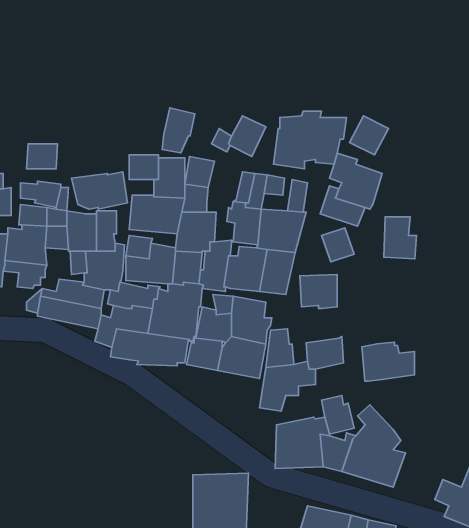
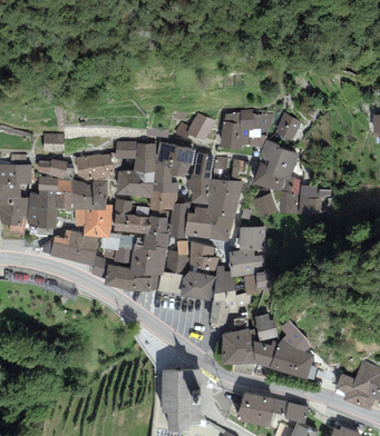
building: [162,108,195,153] -> [172,145,195,177]
building: none -> [280,176,302,214]
building: [362,342,415,381] -> [228,248,266,276]

